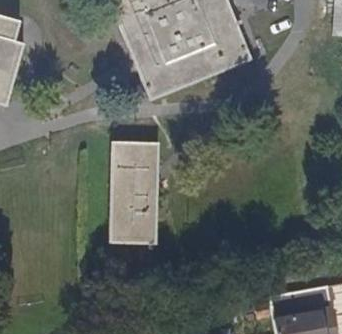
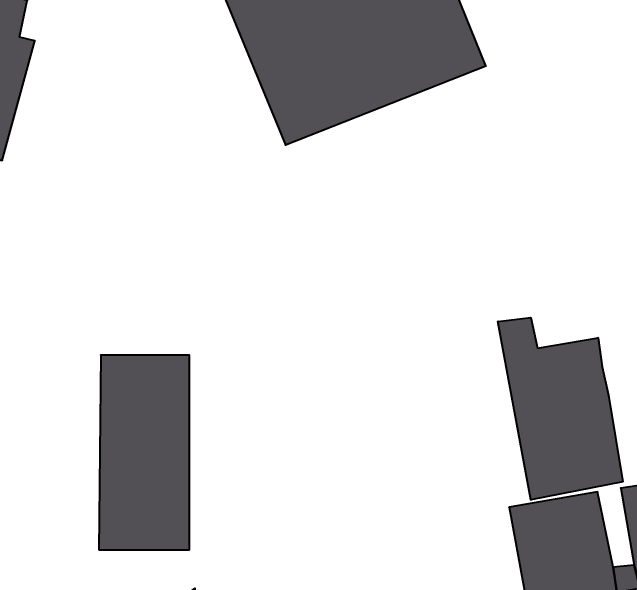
building: [113,145,160,246] -> [99,355,189,550]
building: none -> [498,318,623,500]

